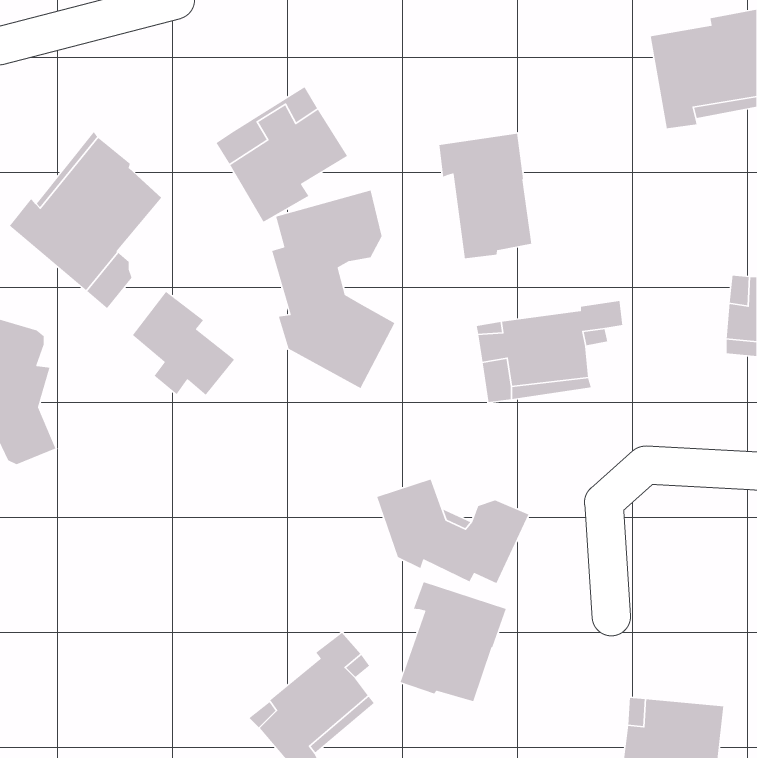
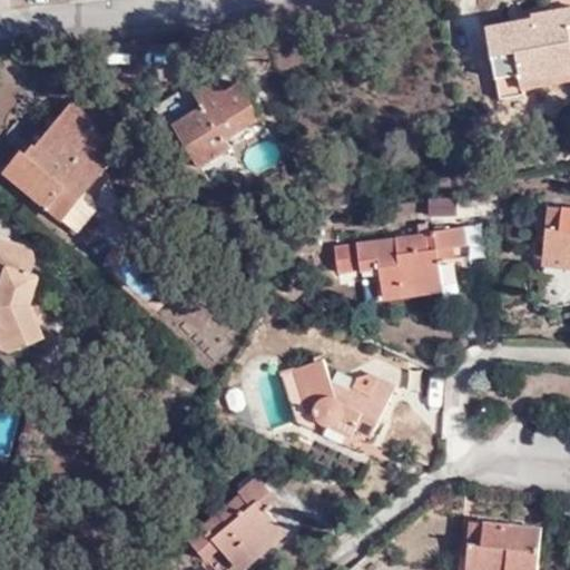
building: [439,133,532,259] -> none
building: [271,189,395,389] -> none
building: [132,291,235,396] -> none
building: [400,581,507,702] -> none

